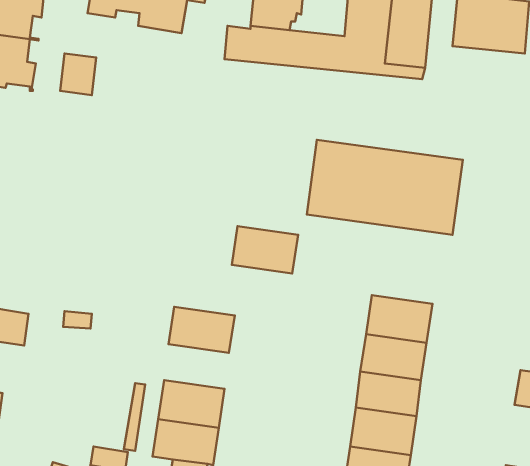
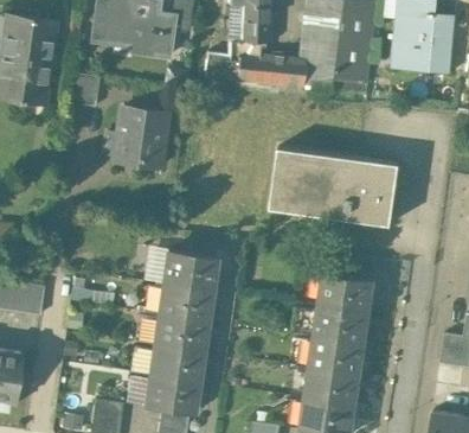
building: none -> [102,107,163,168]
building: [232,226,298,274] -> [161,249,216,288]
building: none -> [153,312,206,349]

